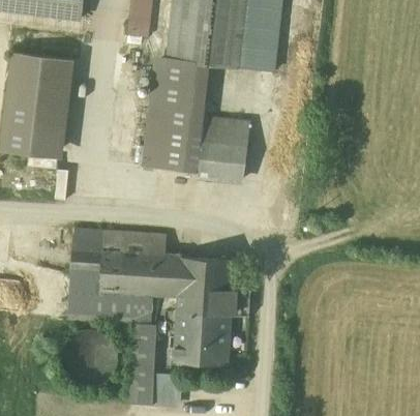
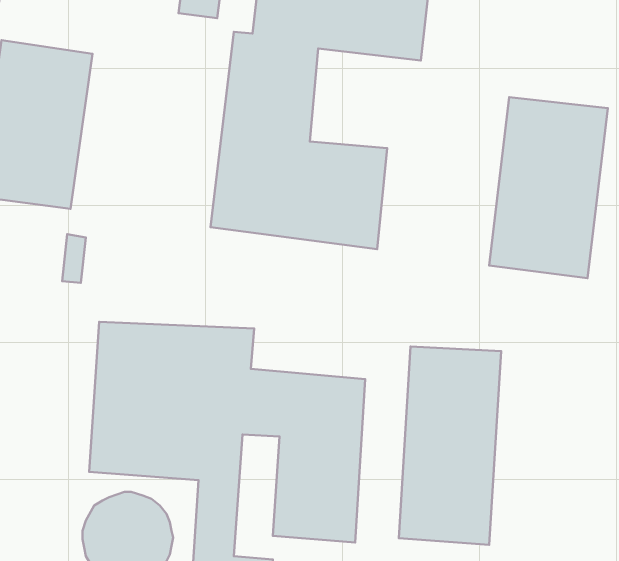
building: none -> [489,97,608,278]
building: none -> [399,346,501,545]

